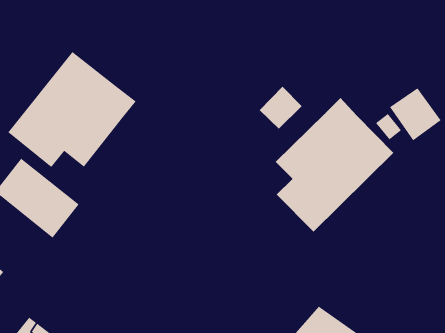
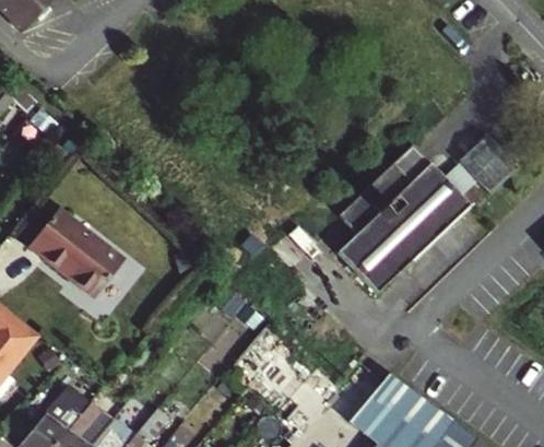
building: [8,51,137,168] -> none
building: [259,86,303,130] -> none

